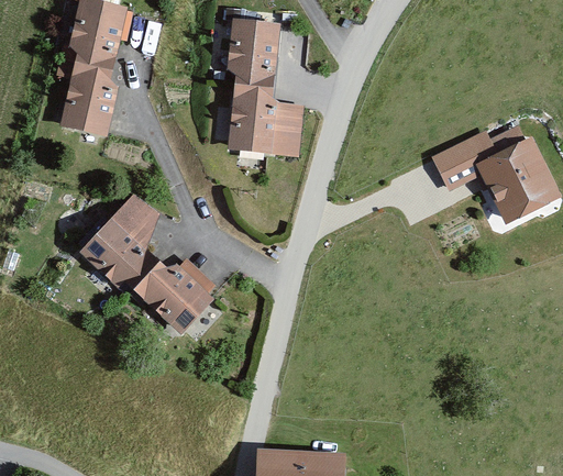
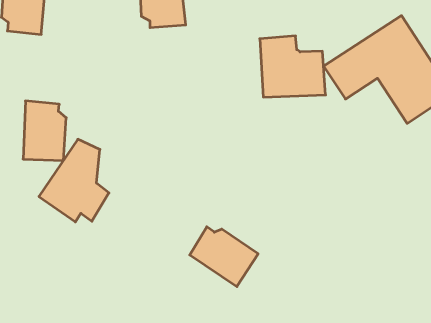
building: [60,59,117,133] -> [23,101,66,160]
building: [228,81,302,156] -> [260,36,326,97]
building: [134,259,211,332] -> [190,227,258,287]

